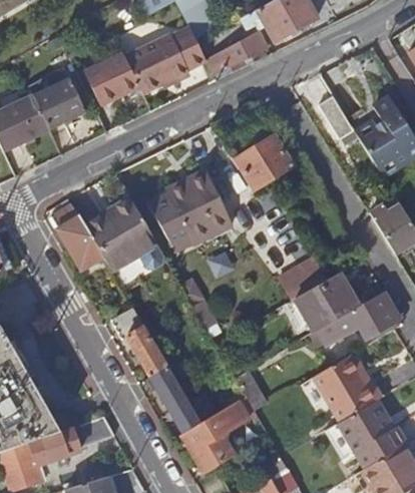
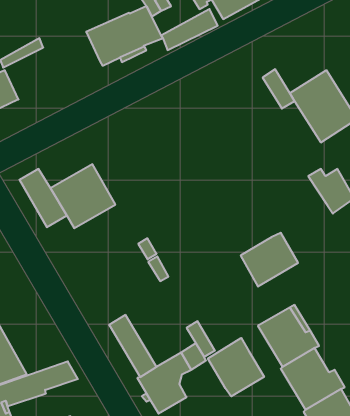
building: [86,53,139,104] -> none
building: [35,80,86,128] -> none
building: [236,135,293,190] -> none
building: [148,173,233,252] -> none
building: [280,266,328,301] -> none
building: [328,293,399,340] -> none
building: [110,306,167,376] -> none
building: none -> [208,338,264,396]

